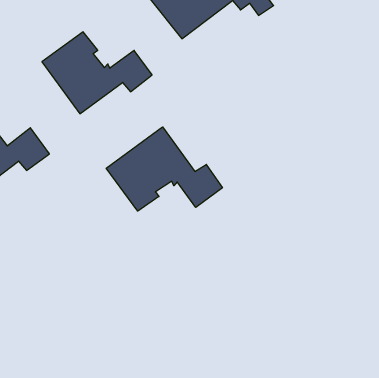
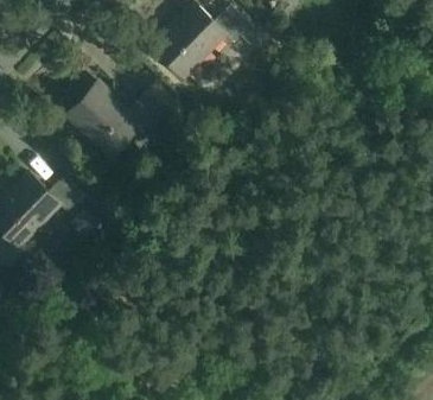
building: [106,127,222,211] -> none

